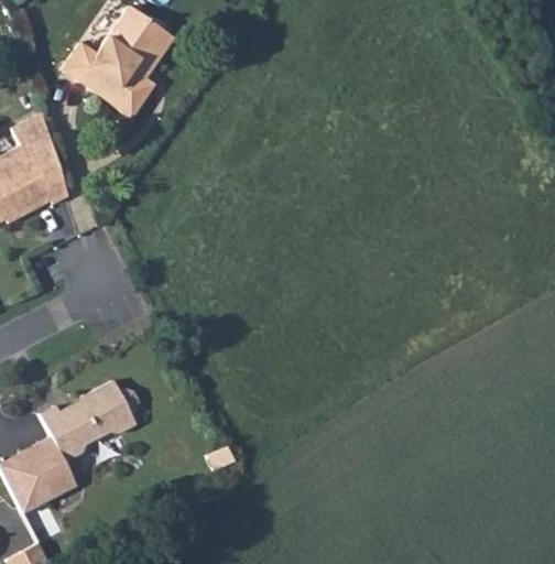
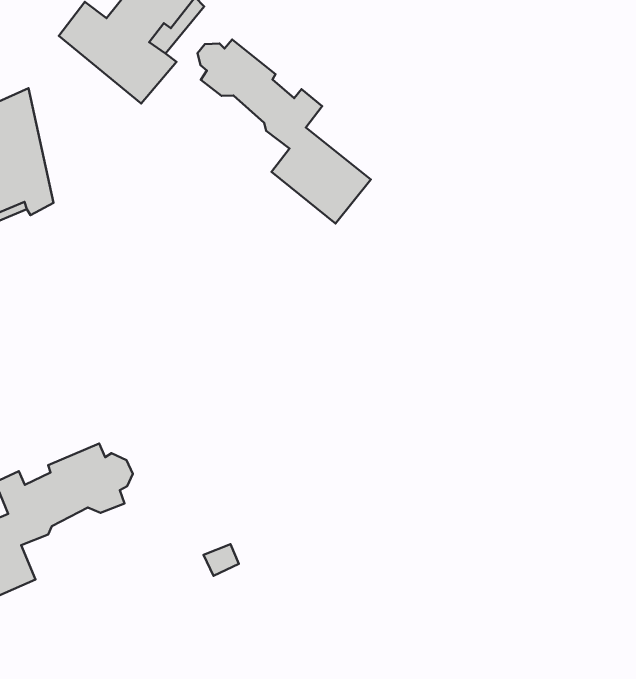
building: none -> [197,40,371,223]

